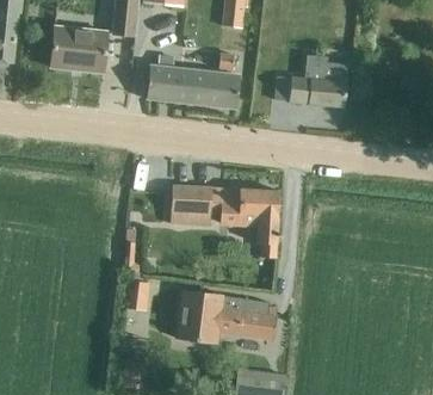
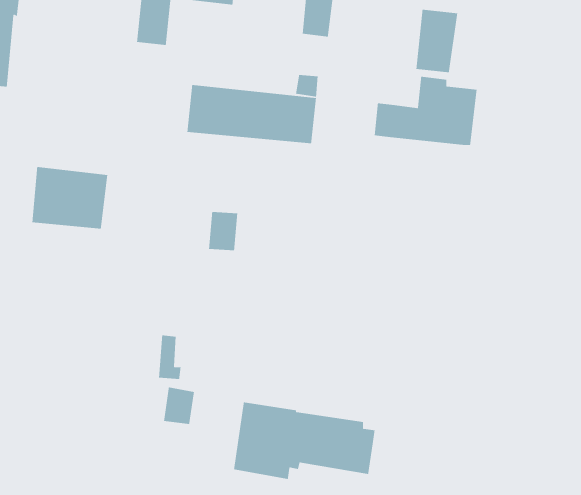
building: none -> [415,9,458,73]
building: [44,25,99,70] -> [31,166,108,230]
building: [173,186,279,260] -> none

